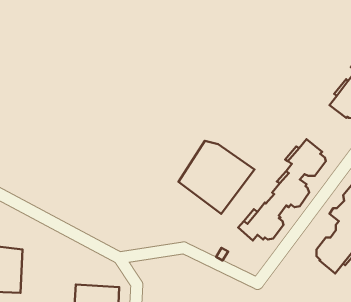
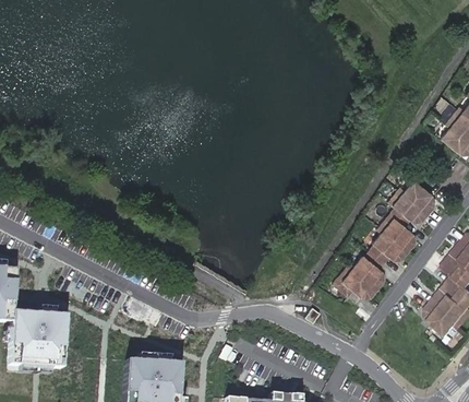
building: [179,141,255,214] -> none

